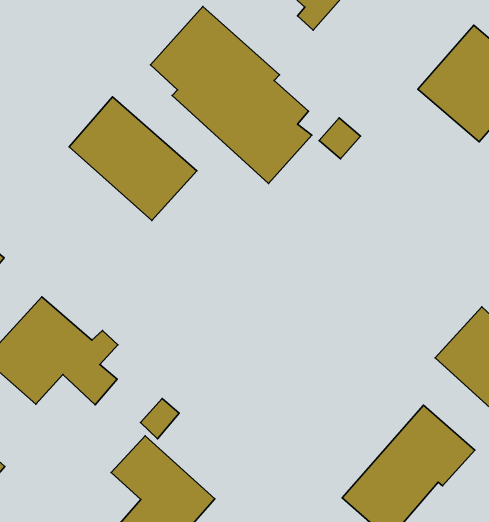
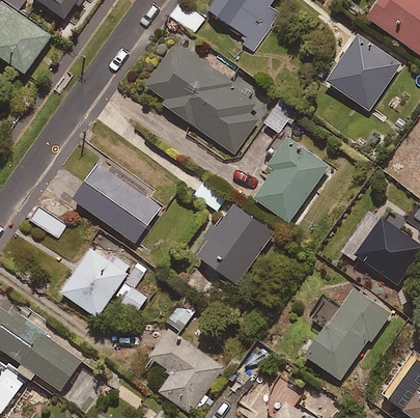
building: [69,97,197,221] -> [75,164,161,243]
building: none -> [256,141,326,221]
building: none -> [198,204,274,284]

